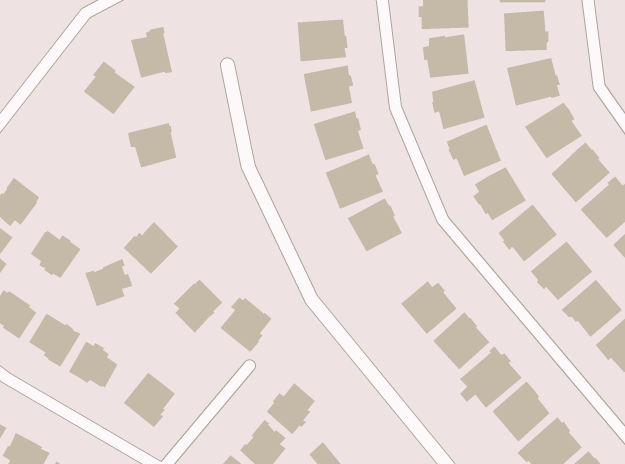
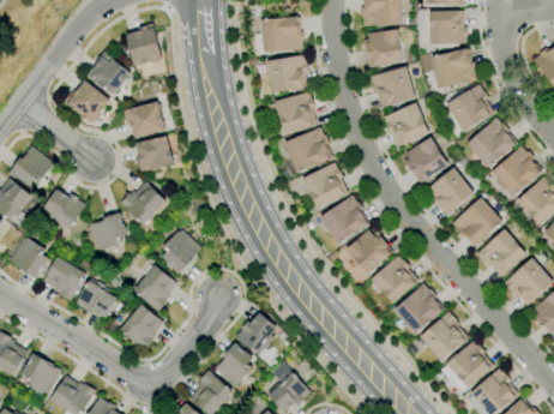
building: none -> [64,80,110,124]
building: none -> [136,137,174,173]
building: none -> [320,194,369,245]
building: [219,297,273,353] -> [133,265,176,311]

